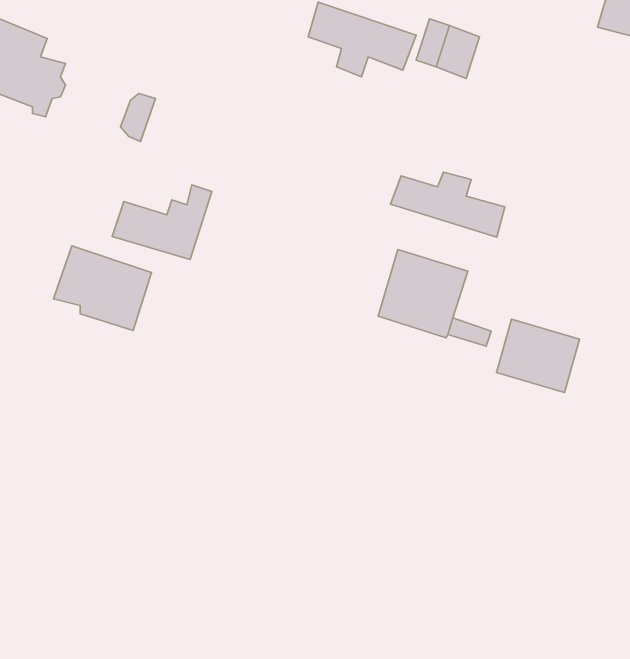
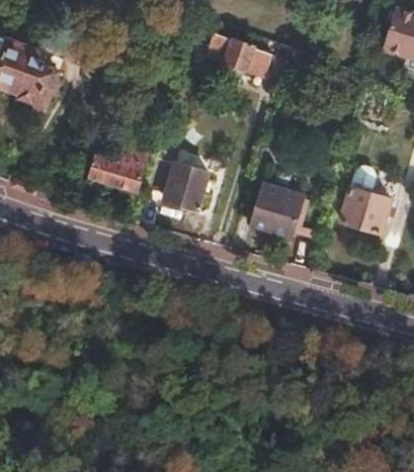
building: [391,172,505,237] -> none
building: [53,246,152,331] -> [147,158,206,209]
building: [497,319,580,392] -> [341,189,392,233]

